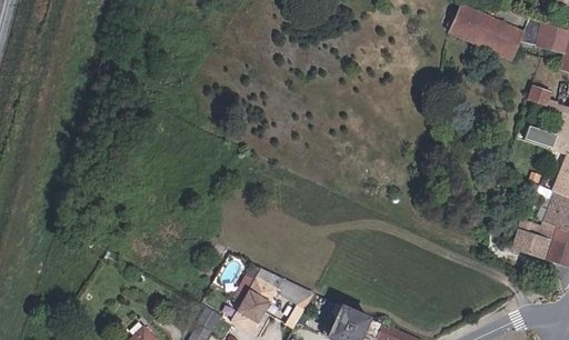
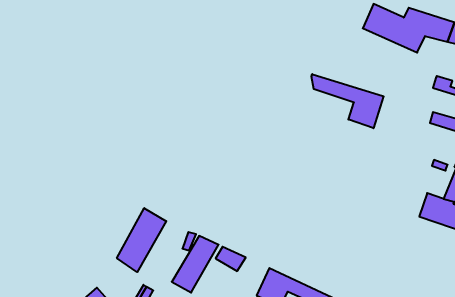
building: none -> [312,74,384,128]
building: none -> [117,208,166,272]

